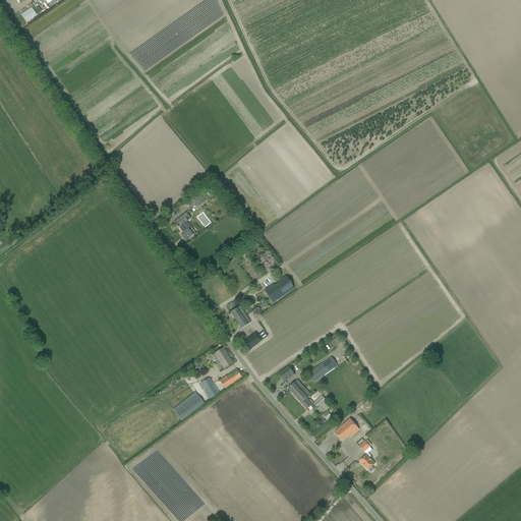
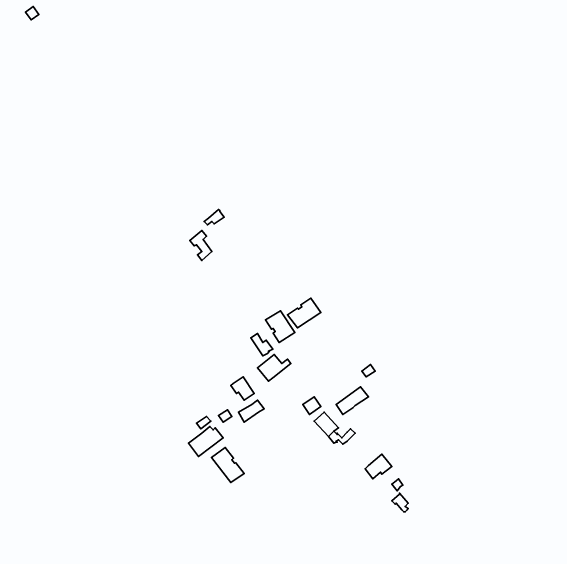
building: none -> [265,311,295,342]
building: none -> [212,447,244,482]

